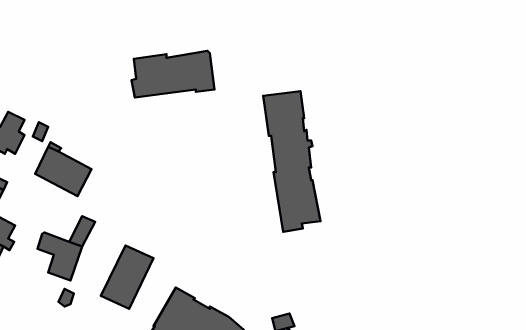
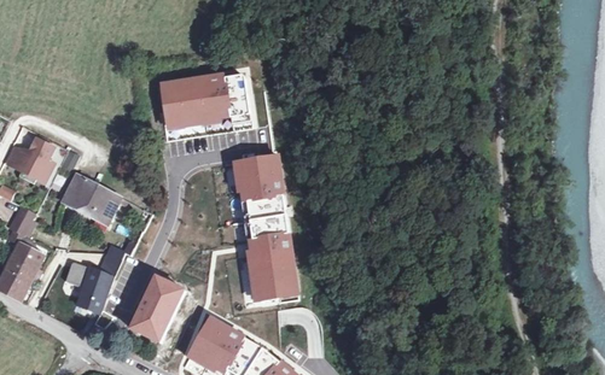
building: [263,91,321,232] -> [238,157,297,301]

